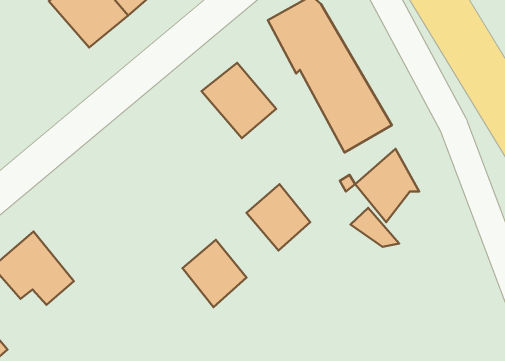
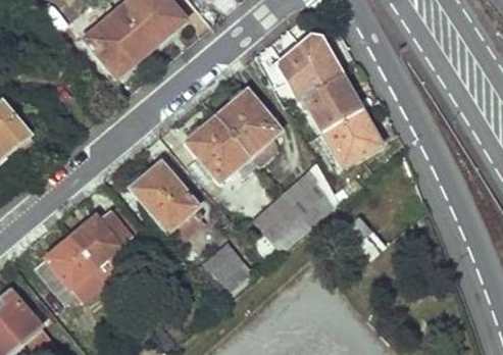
building: none -> [185,113,251,181]
building: none -> [131,160,197,229]
building: [355,149,419,222] -> [284,163,339,226]
building: none -> [71,209,147,284]

